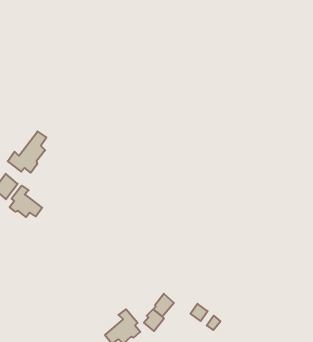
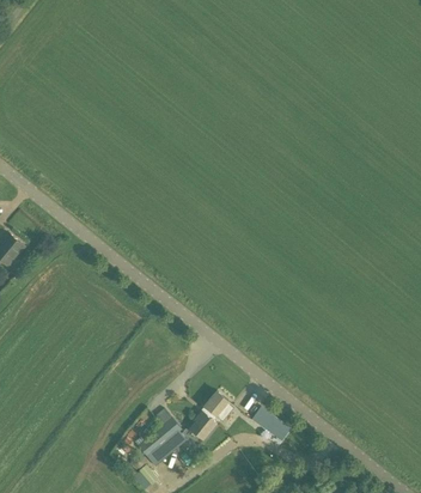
building: [8,131,46,173] -> none
building: [10,186,42,217] -> none

